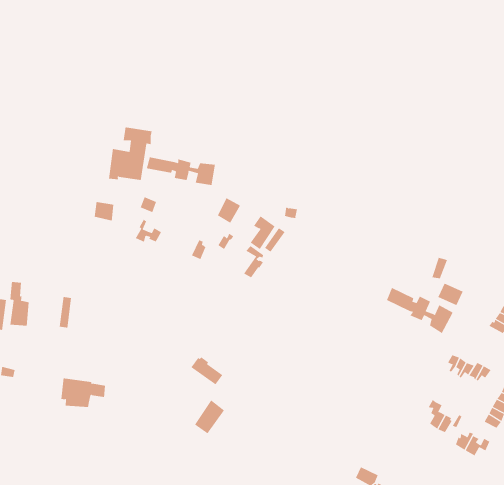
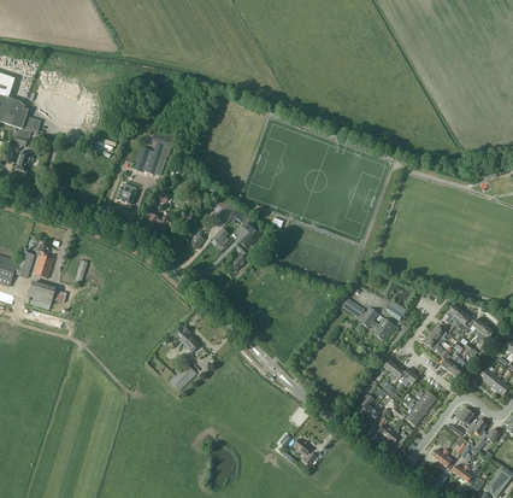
building: [146,157,215,186] -> none
building: [61,378,106,408] -> [28,281,66,309]

